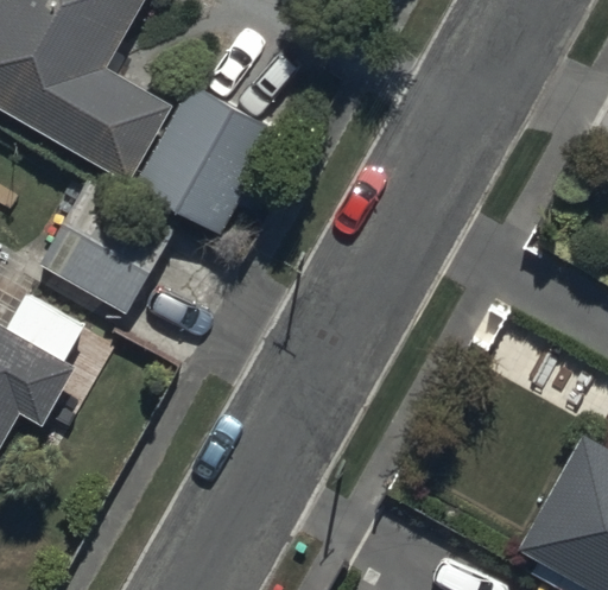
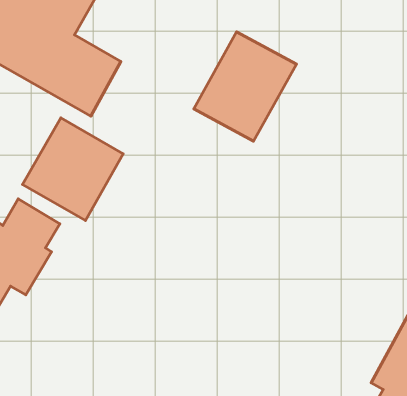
building: [133,83,276,235] -> [194,32,296,141]

